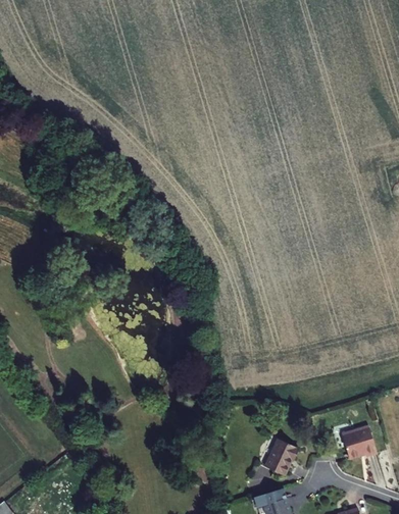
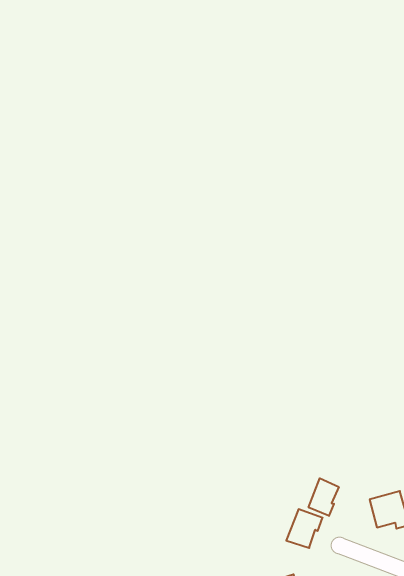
building: none -> [309,478,339,516]

